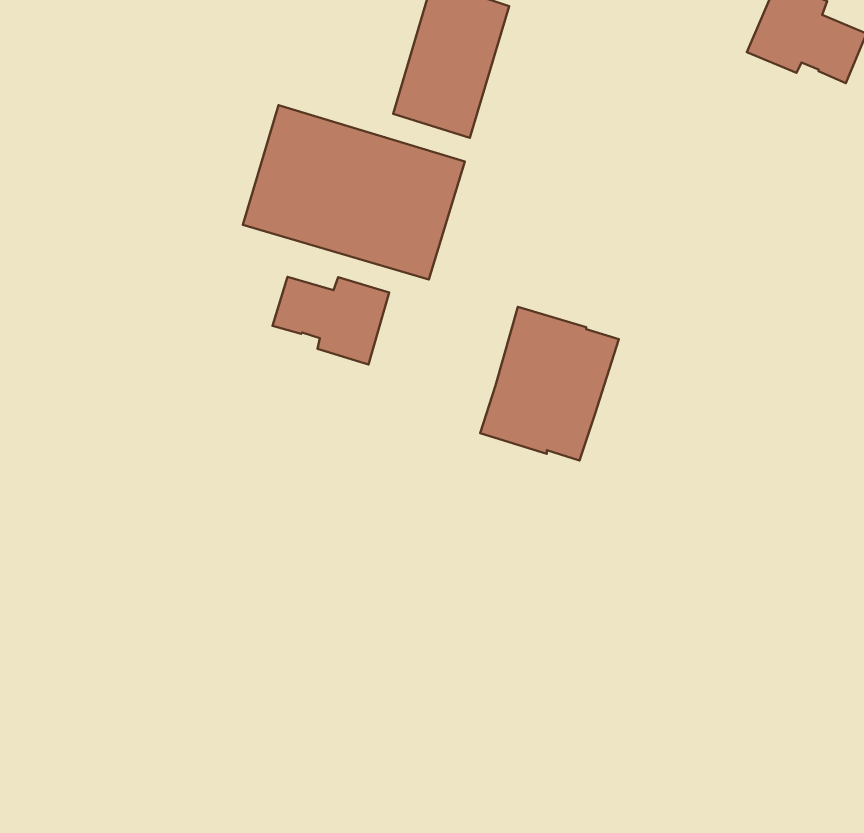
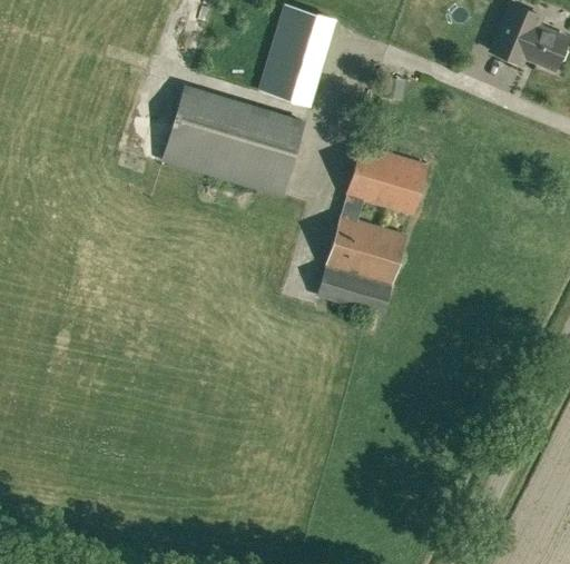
building: none -> [342,148,428,219]
building: [273,277,389,364] -> none

